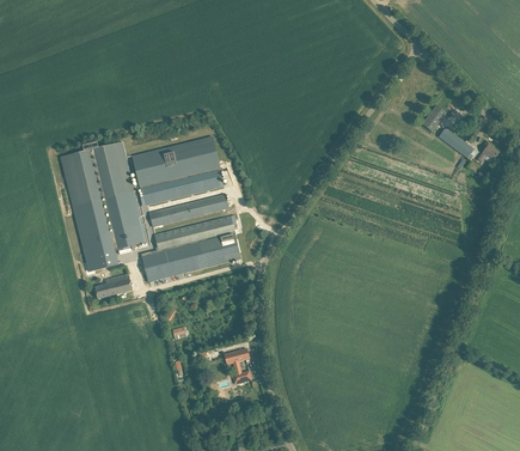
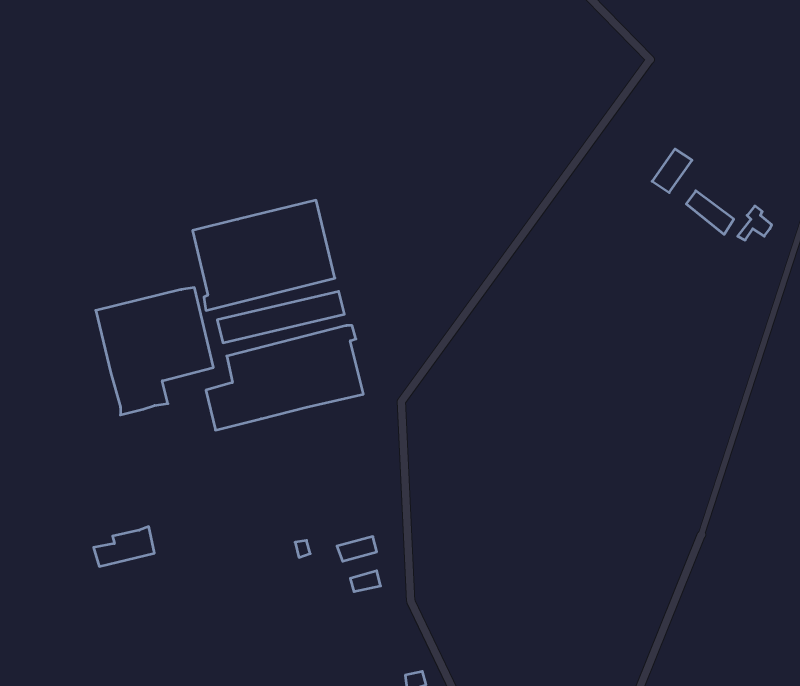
building: [60,141,134,206] -> none
building: [93,273,131,298] -> [94,527,154,566]

